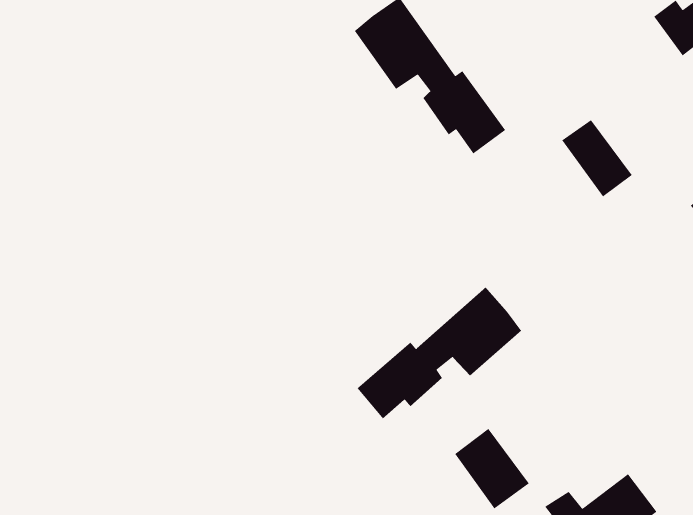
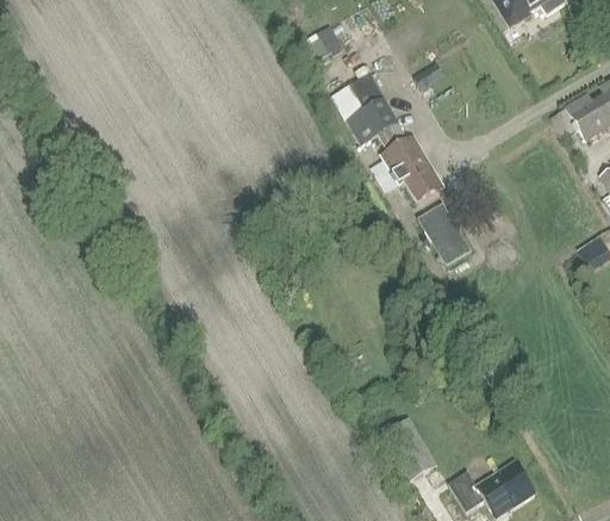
building: [561,119,633,198] -> [418,203,472,265]
building: [356,286,522,419] -> none

